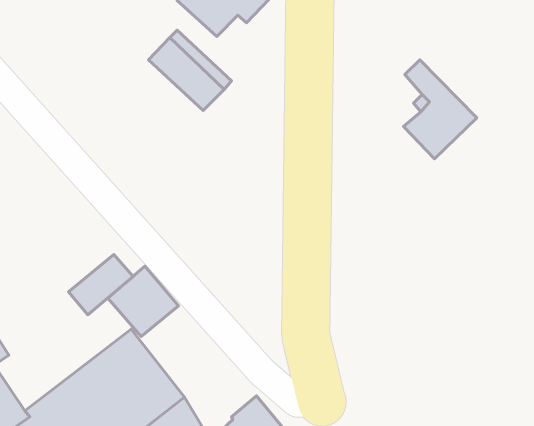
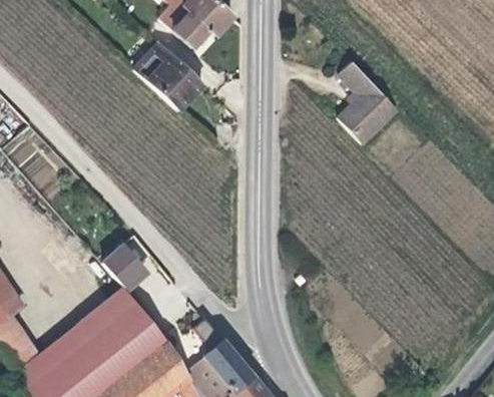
building: [69,254,133,315] -> none

